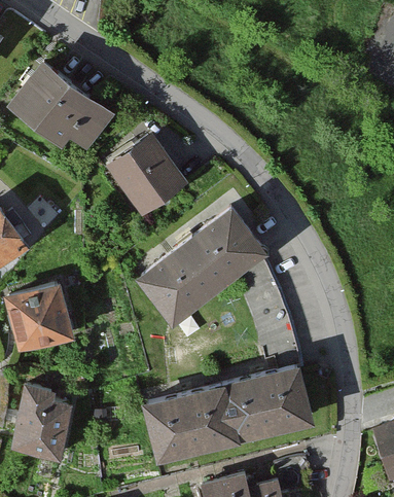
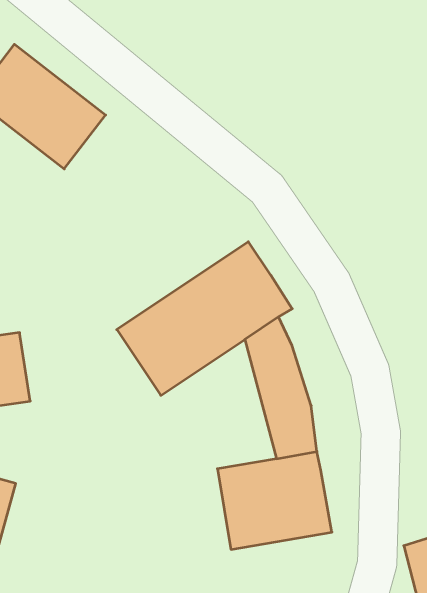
building: [109,137,186,217] -> none
building: [148,381,239,461] -> none

